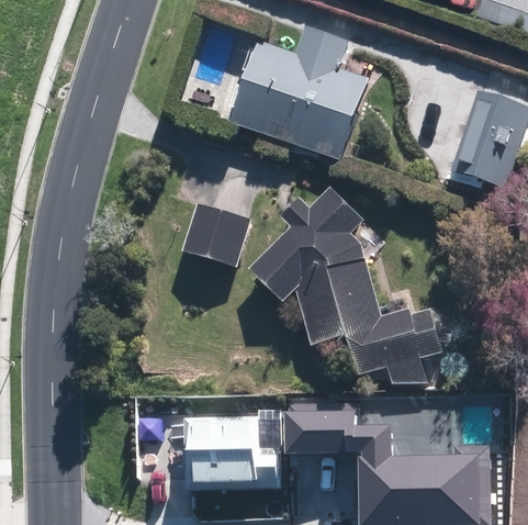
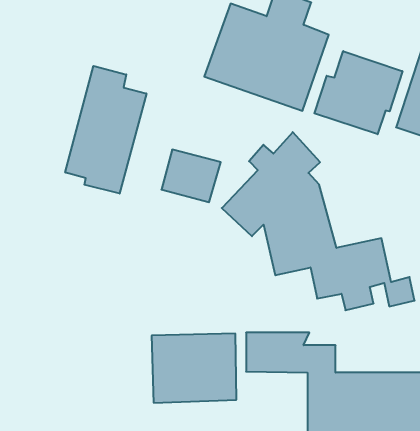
building: none -> [314,51,402,134]
building: none -> [65,66,146,194]

